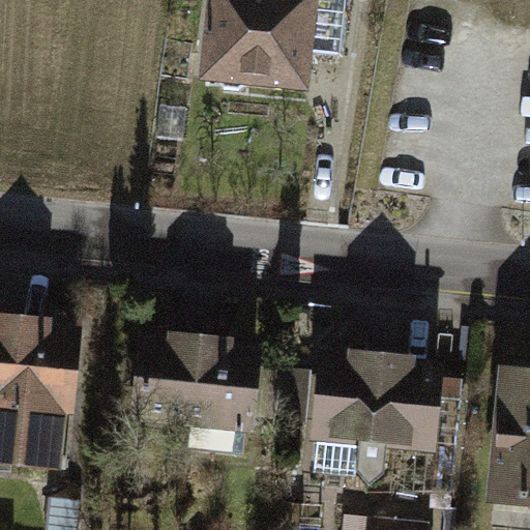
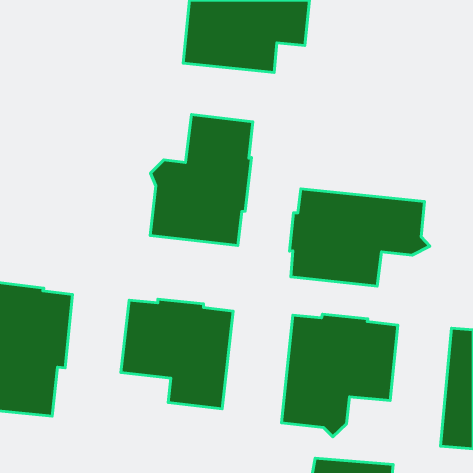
building: none -> [150,114,253,245]
building: none -> [290,189,430,286]

